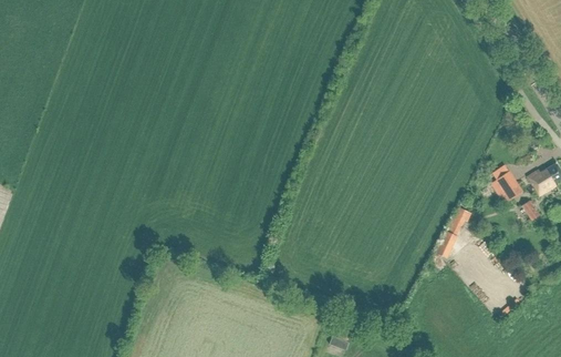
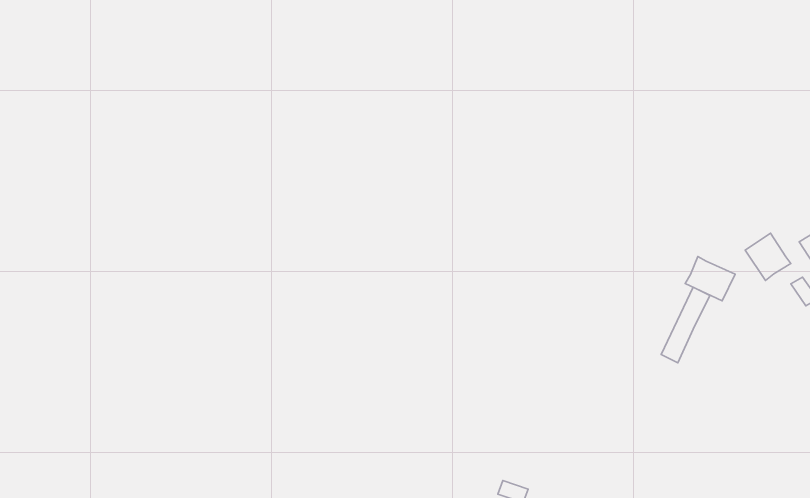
building: none -> [685,257,735,301]

